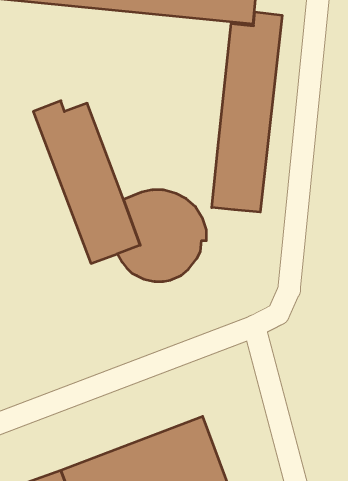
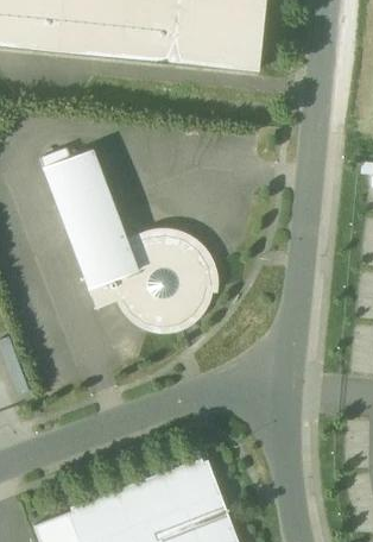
building: [212,12,282,212] -> none

